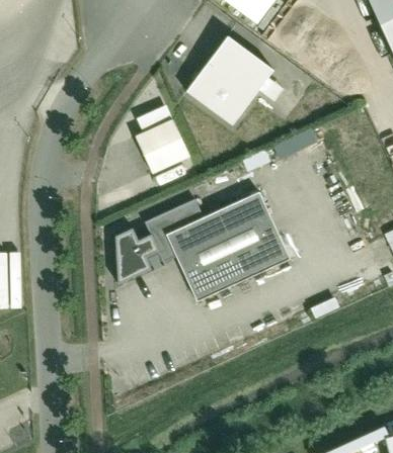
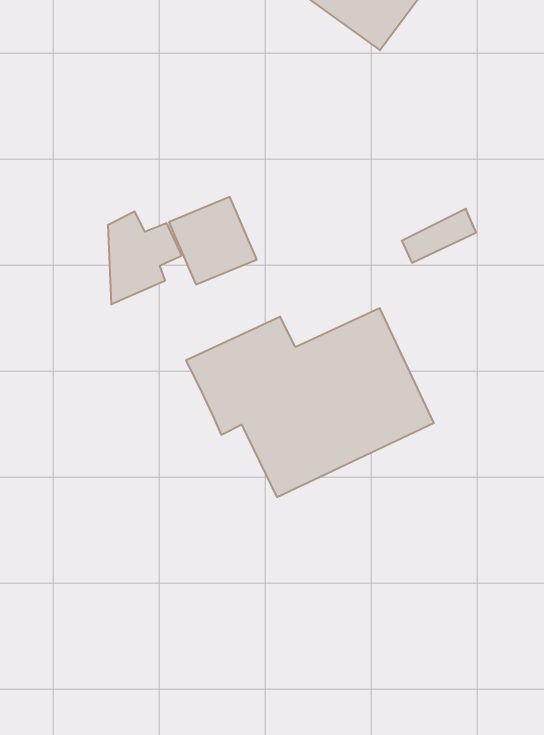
building: [187,39,268,124] -> none
building: [115,226,160,282] -> [108,212,182,304]

